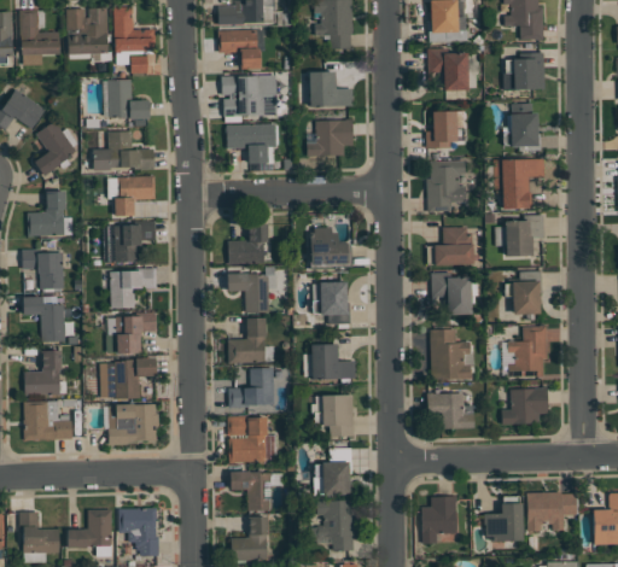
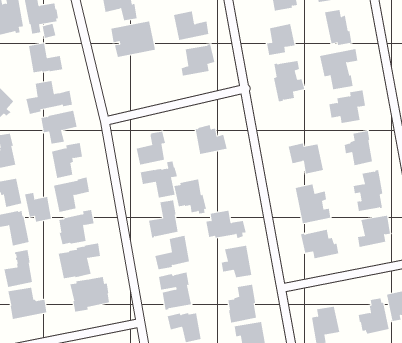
building: [227,123,276,164] -> none
building: [427,227,474,265] -> none
building: none -> [24,192,52,223]
building: [313,281,351,328] -> [174,179,207,214]

